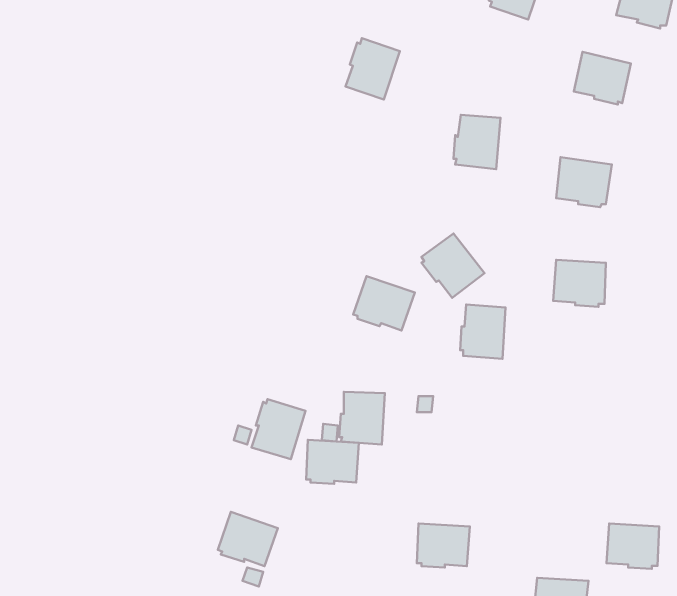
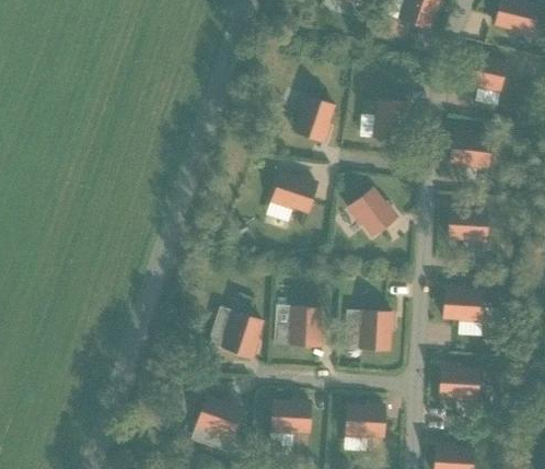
building: [346,38,400,100] -> [295,95,336,141]
building: [353,276,415,331] -> [273,172,318,212]
building: [460,305,506,359] -> [359,309,393,350]
building: none -> [444,288,484,323]
building: [306,440,359,484] -> [273,400,312,433]
building: [606,524,659,569] -> [440,366,479,400]

